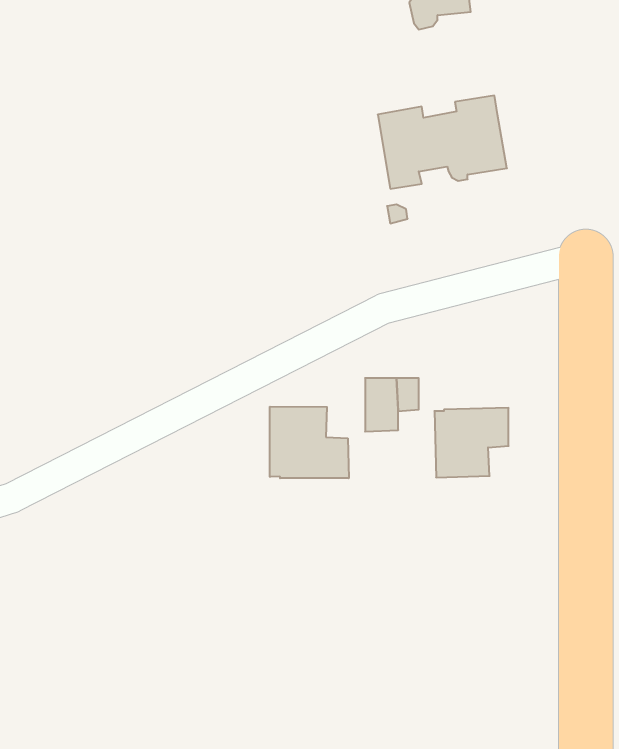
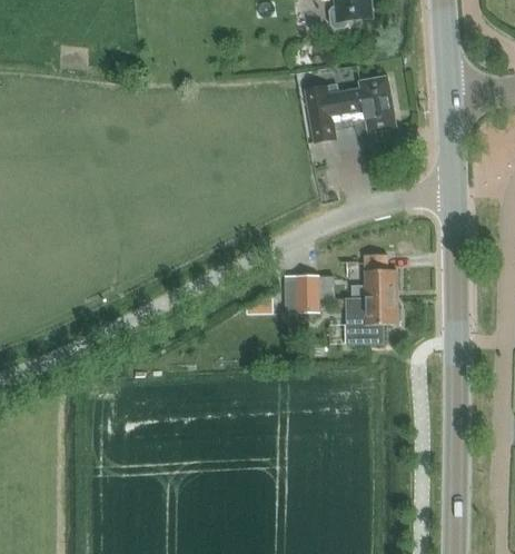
building: none -> [350,254,396,297]
building: [270,407,349,478] -> none

